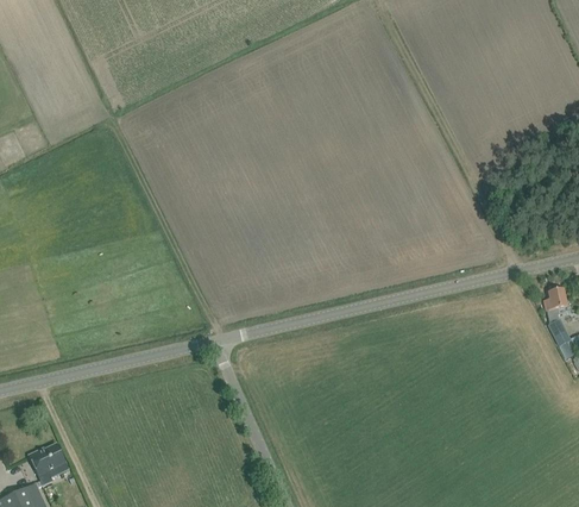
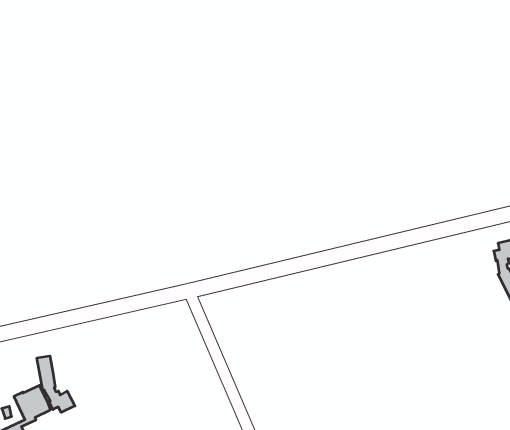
building: none -> [37,356,75,412]

